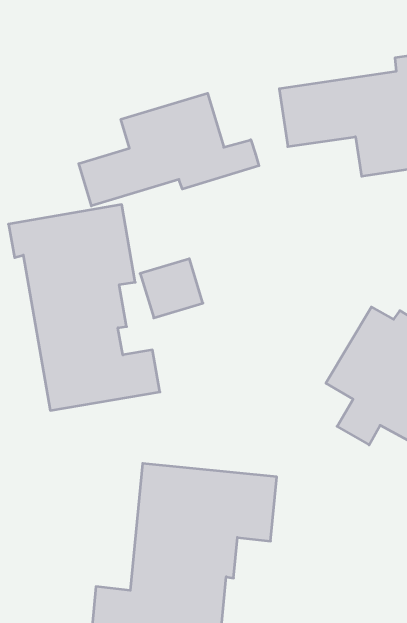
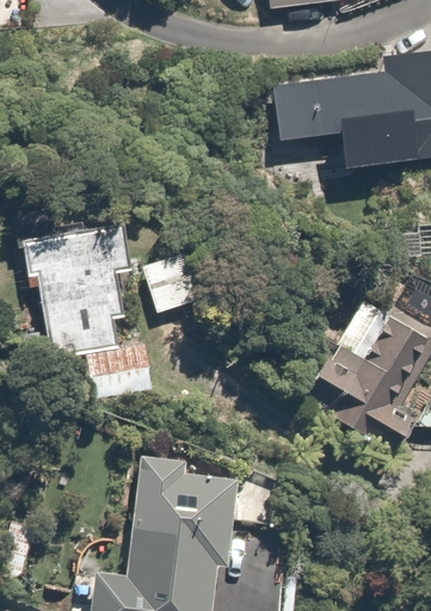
building: [79,93,259,206] -> none

